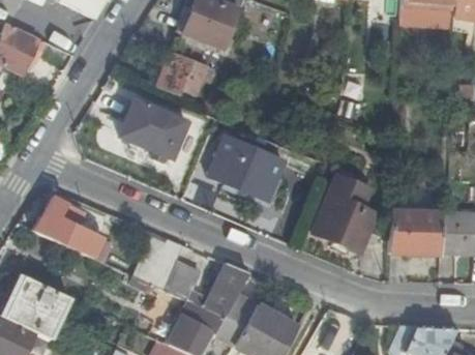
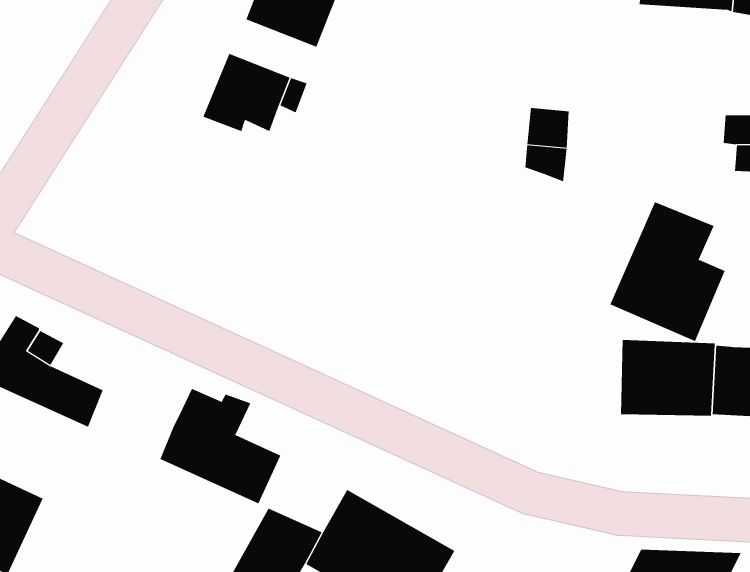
building: [119,98,185,156] -> none
building: [208,136,283,200] -> none
building: [313,174,377,252] -> [610,202,726,342]
building: [195,263,249,316] -> none

